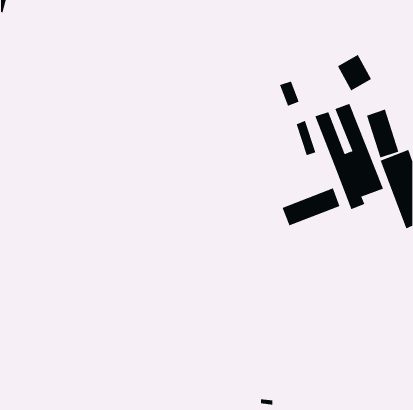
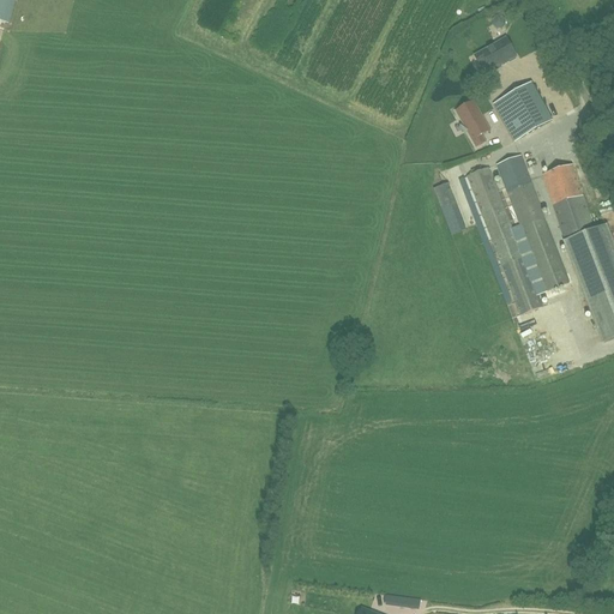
building: none -> [474,35,516,67]
building: [279,81,299,107] -> [457,104,487,143]
building: [282,188,340,226] -> none

